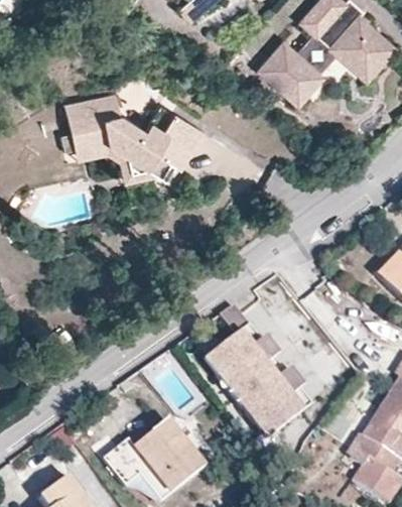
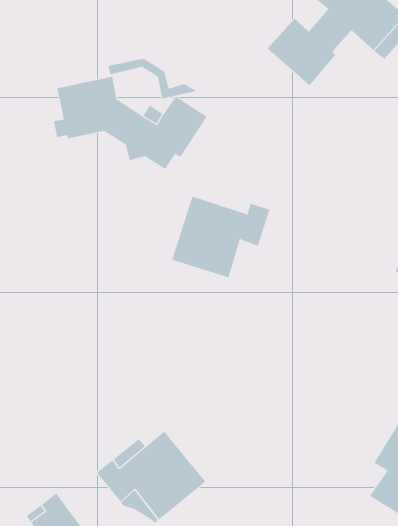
building: [77,144,158,181] -> [108,58,197,99]
building: none -> [172,196,270,278]
building: [202,327,306,439] -> none

